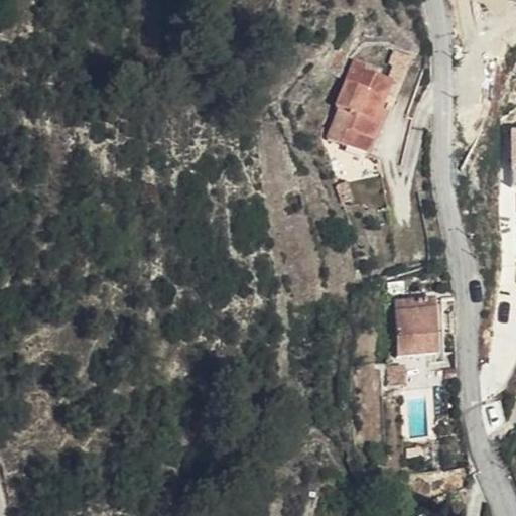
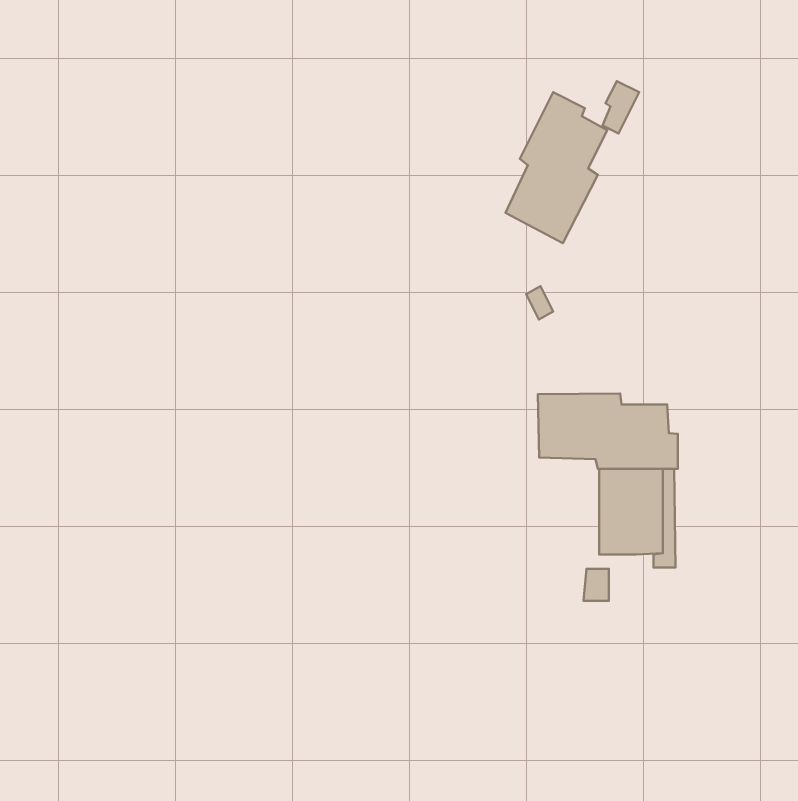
building: none -> [538,393,678,469]

